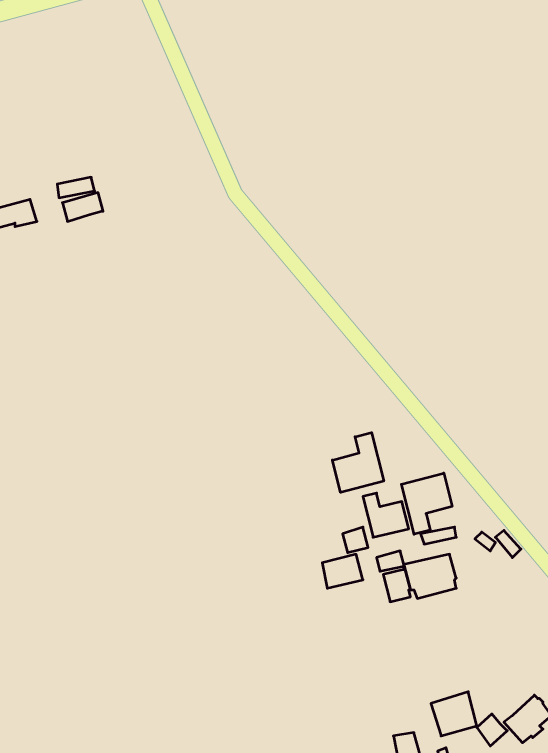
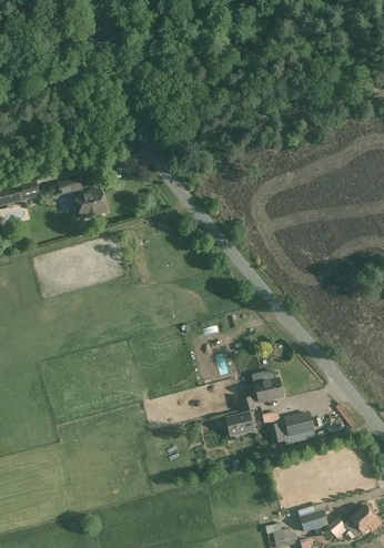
building: none -> [74,189,105,217]
building: [332,433,384,492] -> none
building: [401,473,452,534] -> none

